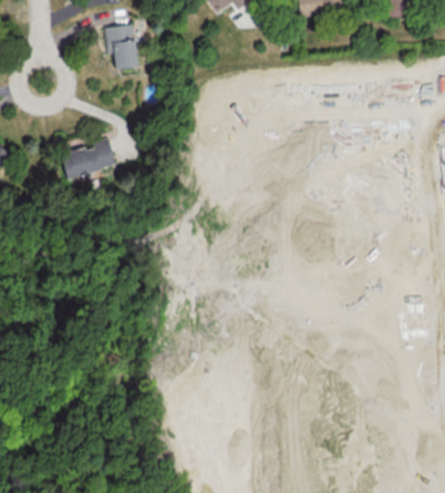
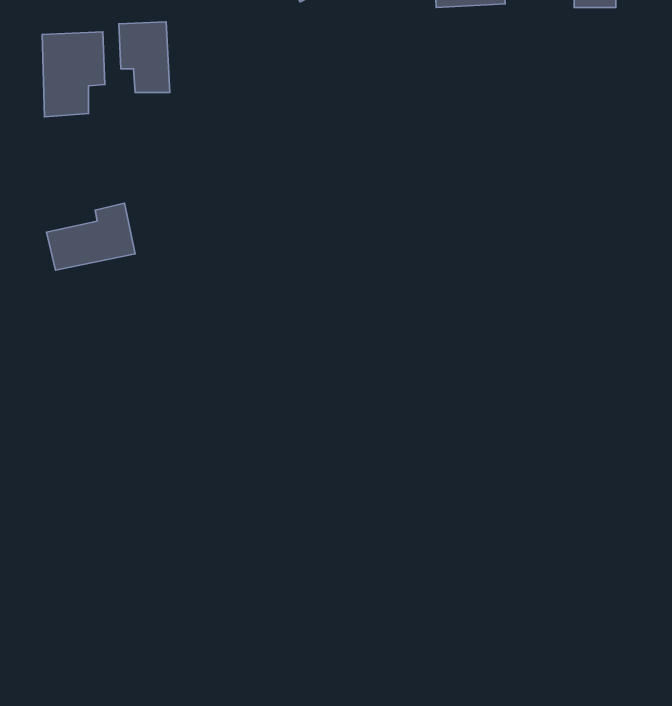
building: none -> [42,32,105,117]

